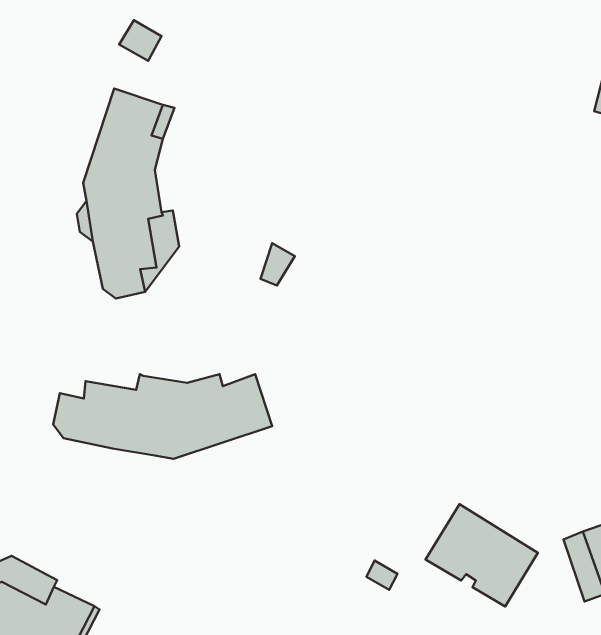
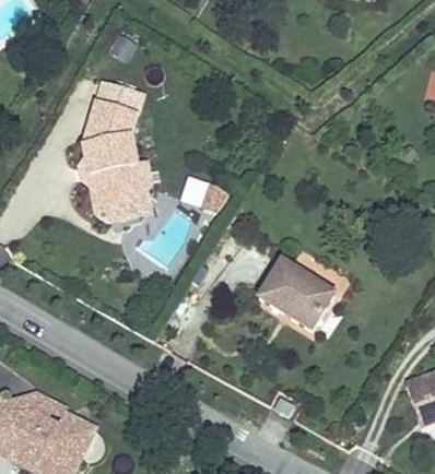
building: [53,374,272,459] -> none
building: [425,504,538,607] -> [258,260,333,329]

